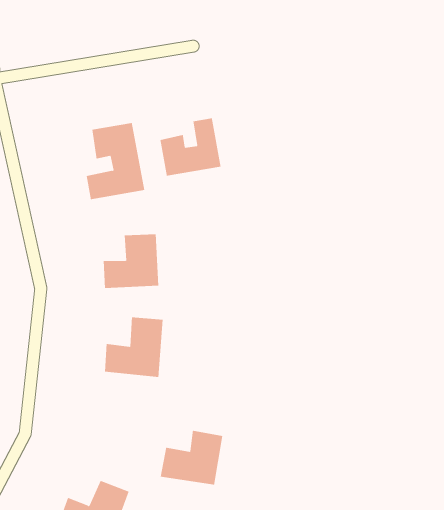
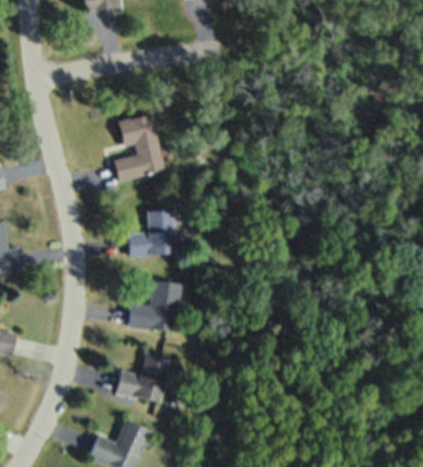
building: [160,117,221,176] -> none
building: [160,430,223,485] -> [115,354,169,401]

